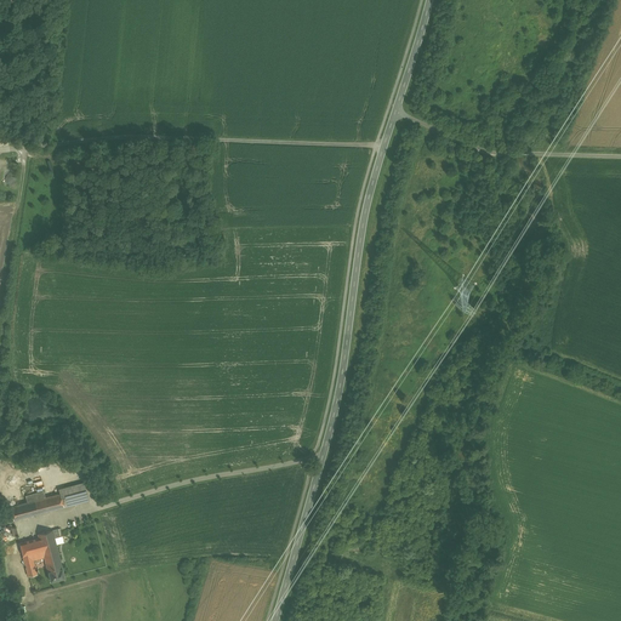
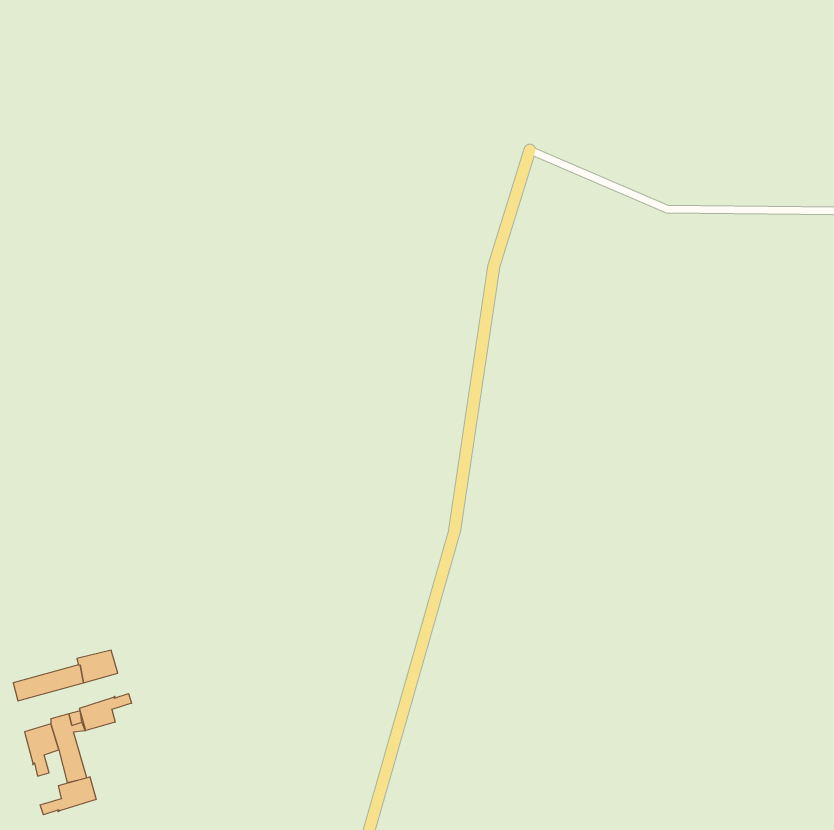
building: none -> [79,694,132,731]
building: none -> [40,777,96,815]

